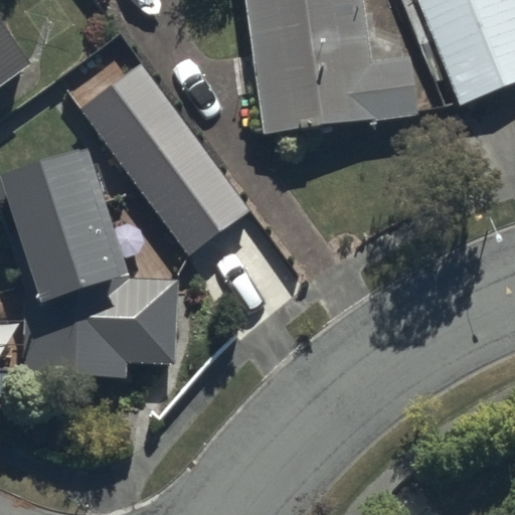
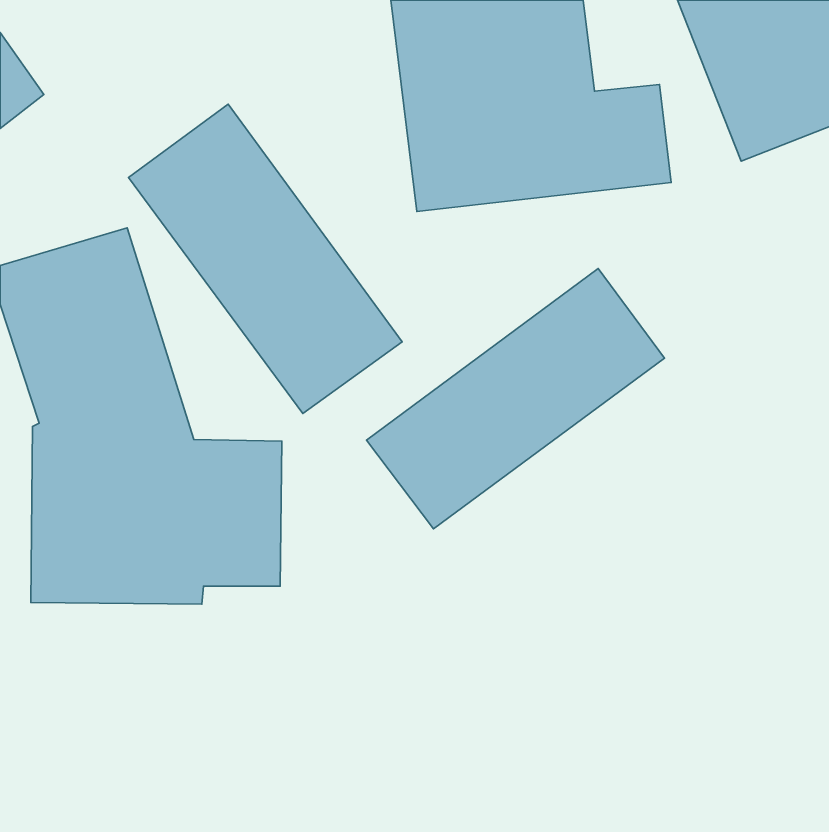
building: none -> [367,268,665,529]

